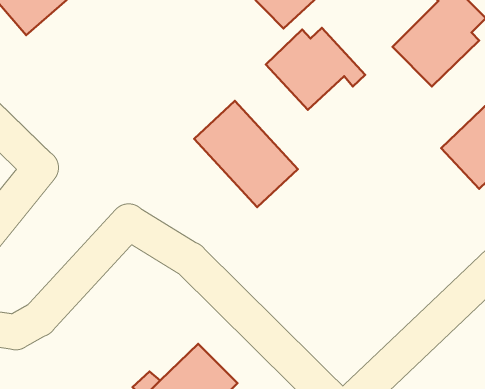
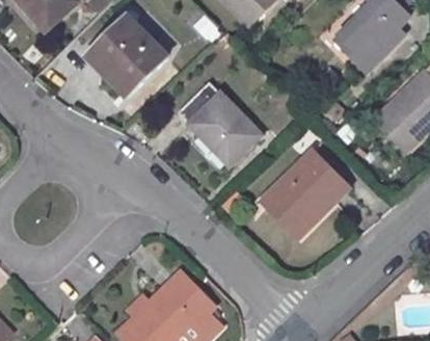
building: none -> [90,15,167,93]
building: [266,28,365,110] -> none
building: none -> [267,152,347,236]

